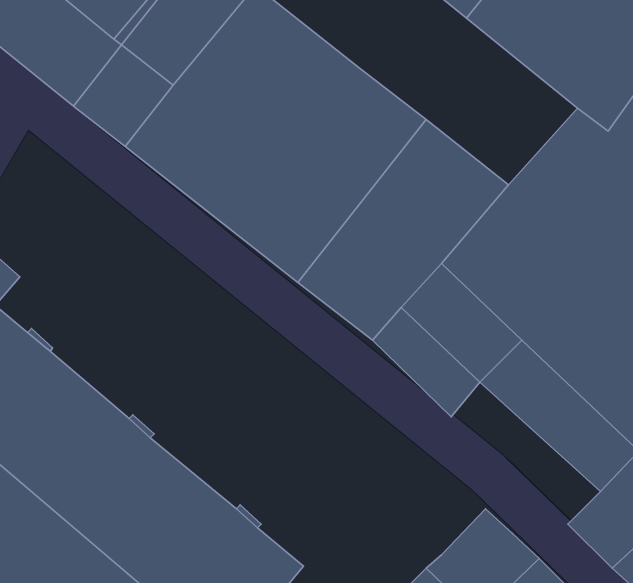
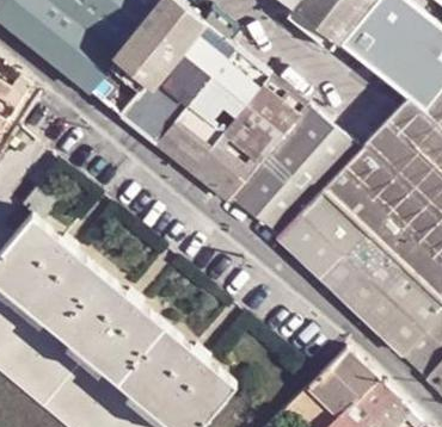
building: none -> [327,268,420,357]

